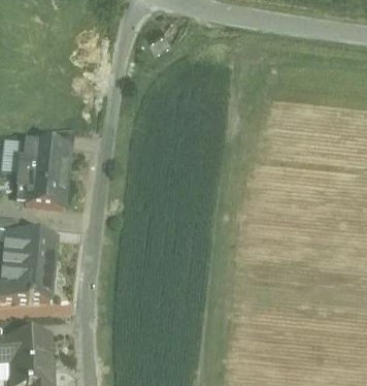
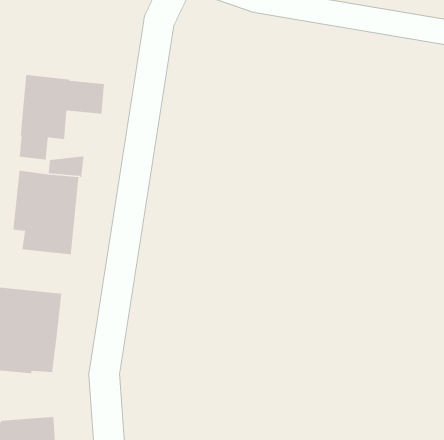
building: none -> [19,74,105,160]

